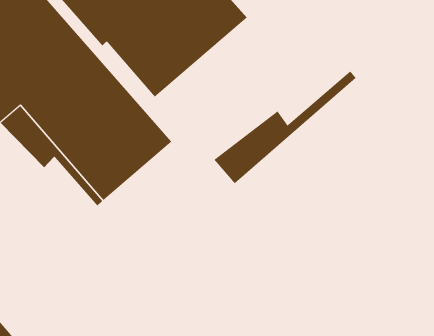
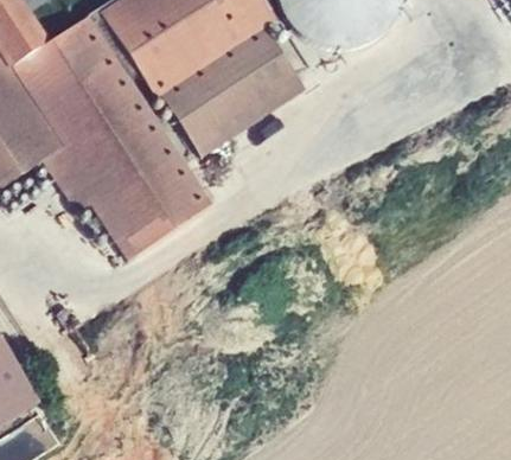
building: [213,71,357,184] -> none

